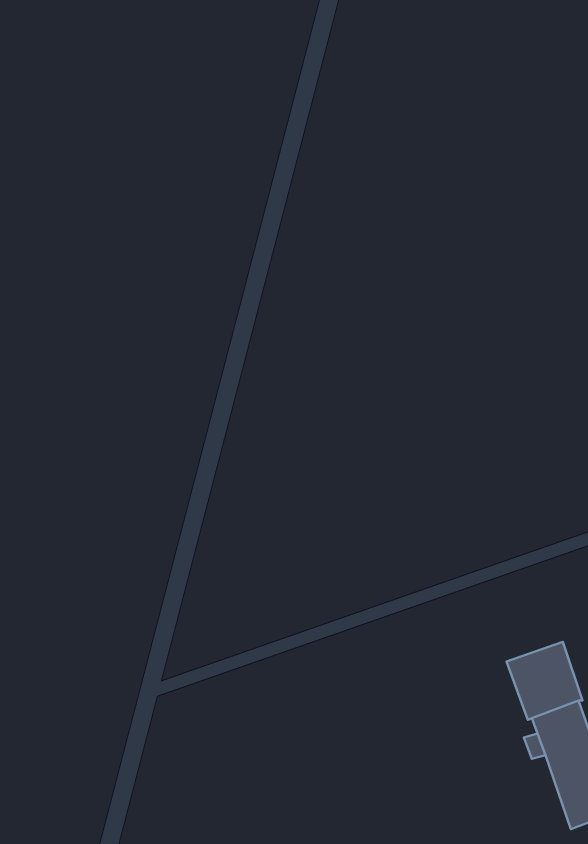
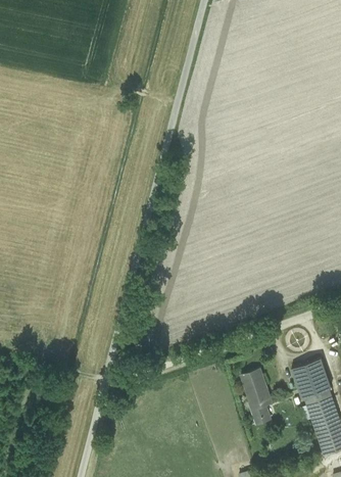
building: none -> [241,370,271,426]

